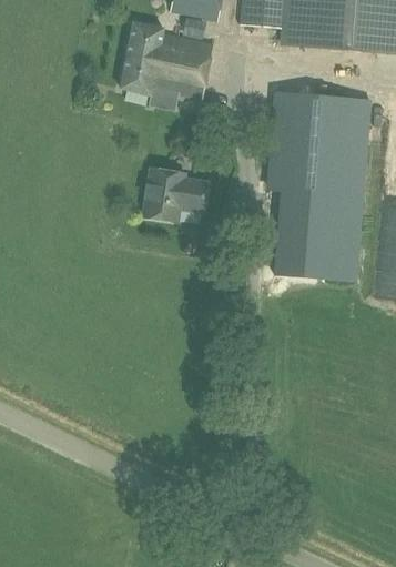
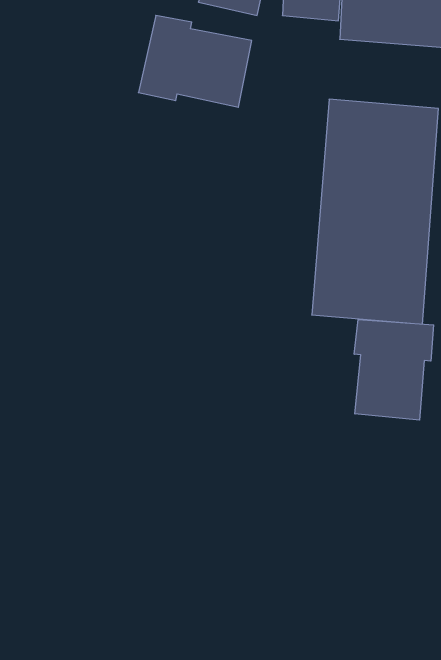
building: [144,169,207,220] -> none
building: none -> [354,320,434,420]

